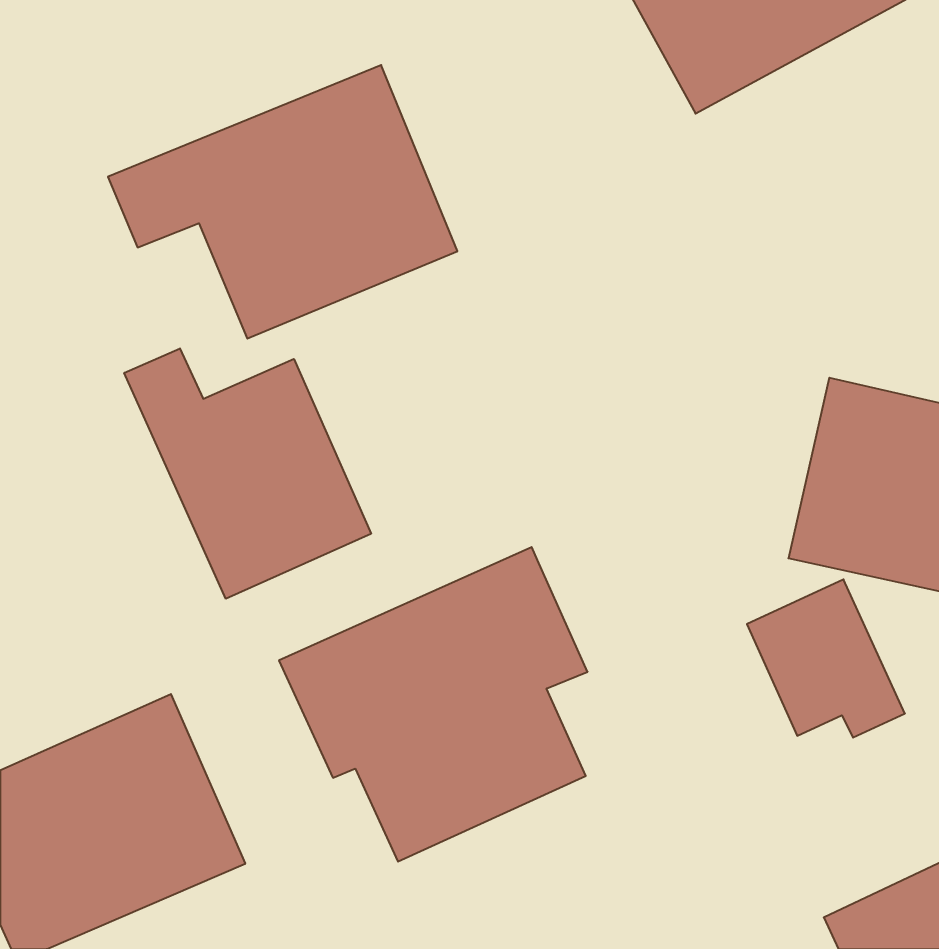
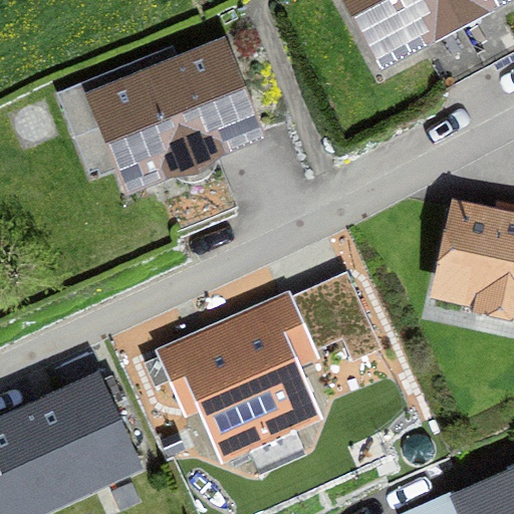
building: [124,348,371,599] -> none
building: [747,579,905,738] -> [296,278,381,363]

